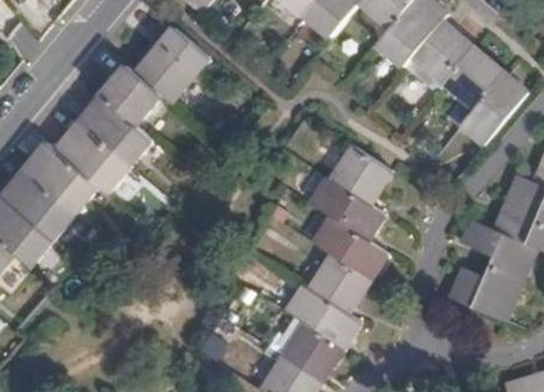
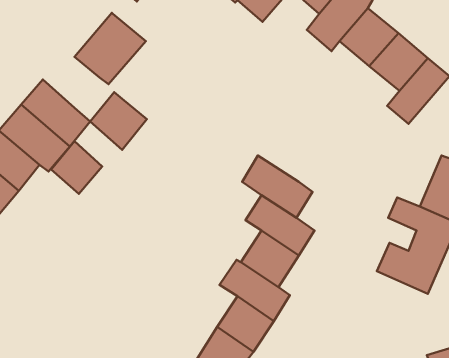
building: [101,65,160,126] -> [90,92,147,150]
building: [329,144,390,203] -> none
building: none -> [51,141,102,194]

